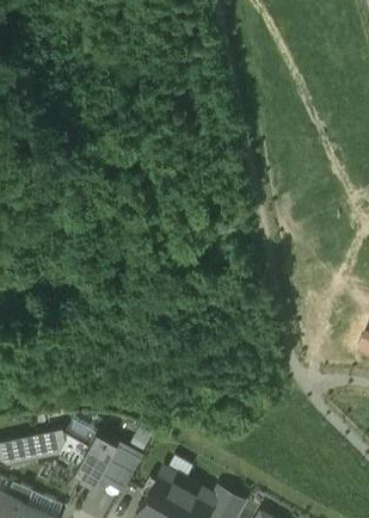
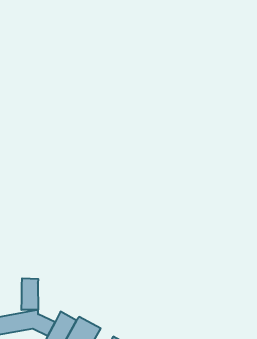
building: none -> [21,278,38,310]

